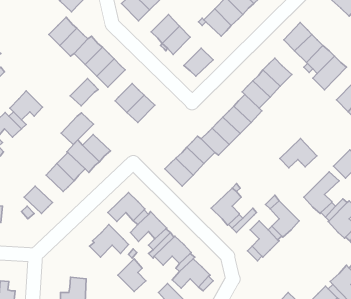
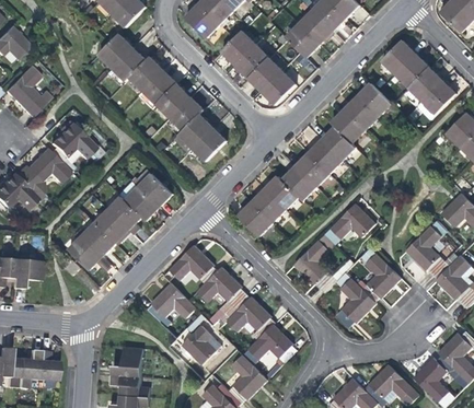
building: none -> [248,57,282,91]
building: [70,79,98,106] -> [170,96,204,129]
building: [61,113,93,145] -> none
building: [280,139,317,168] -> [332,202,377,237]
building: none -> [82,223,116,256]

